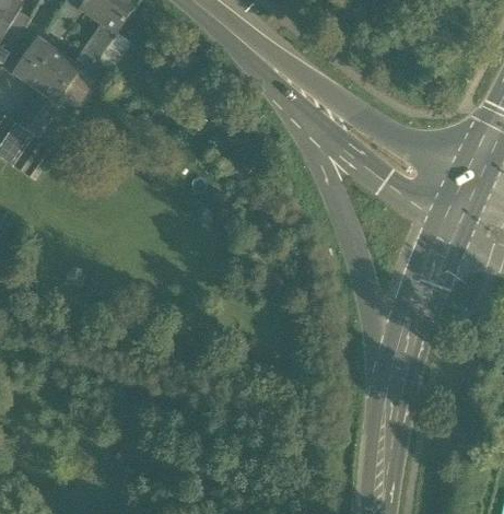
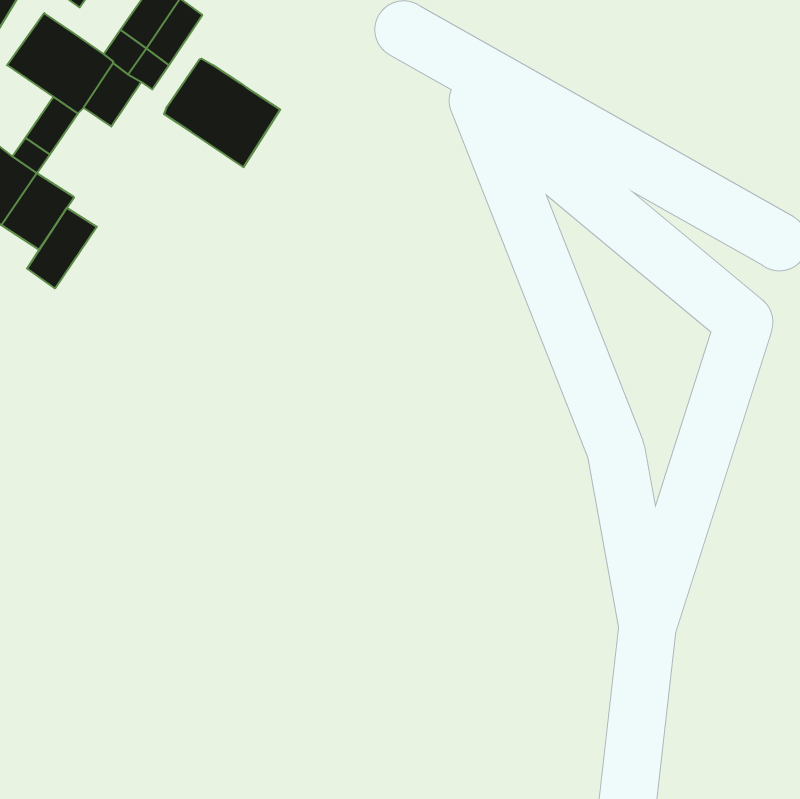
building: none -> [164,59,280,167]
building: none -> [27,208,97,288]

